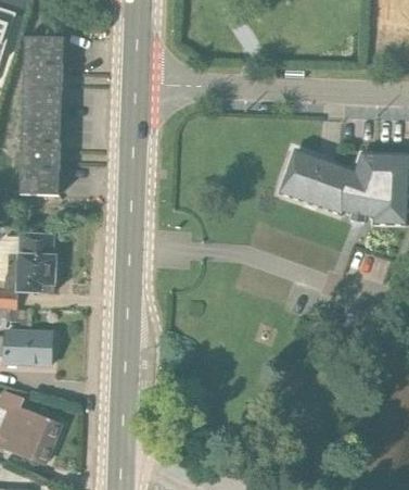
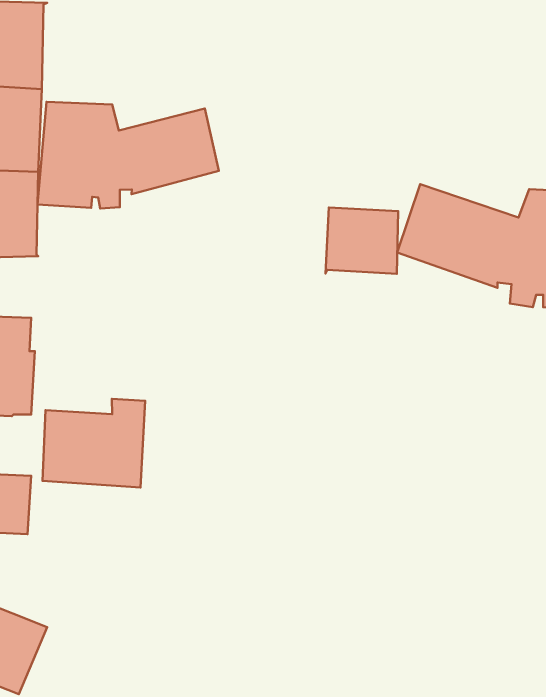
building: none -> [38,102,219,209]
building: none -> [326,207,398,274]
building: none -> [42,399,145,488]

